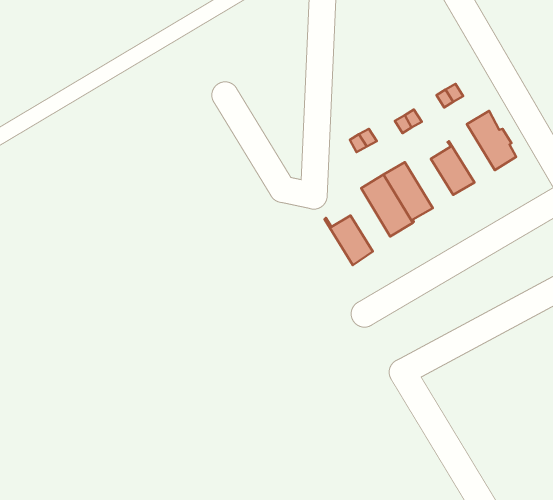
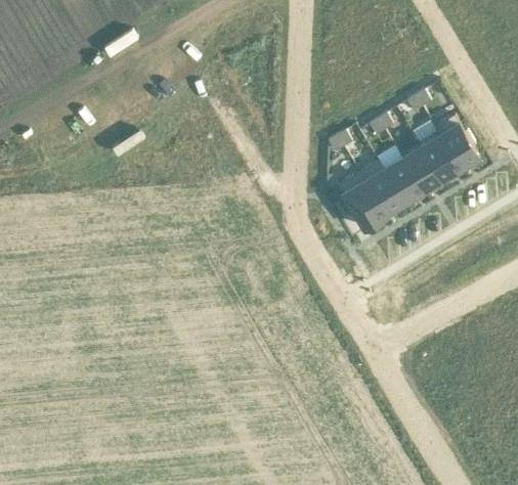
building: none -> [419,130,461,183]
building: [325,216,373,265] -> [379,162,423,207]

